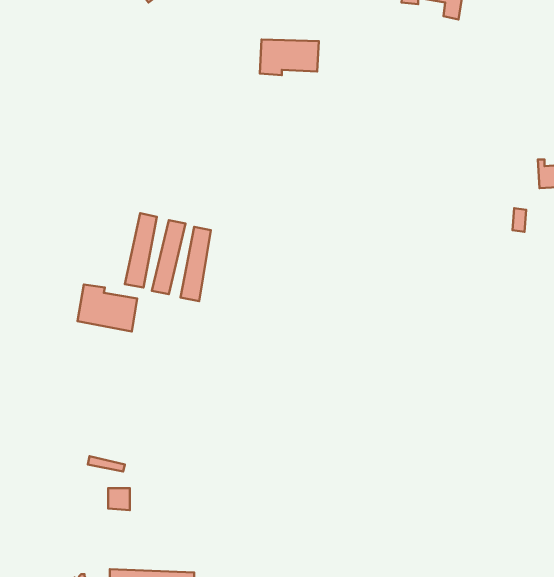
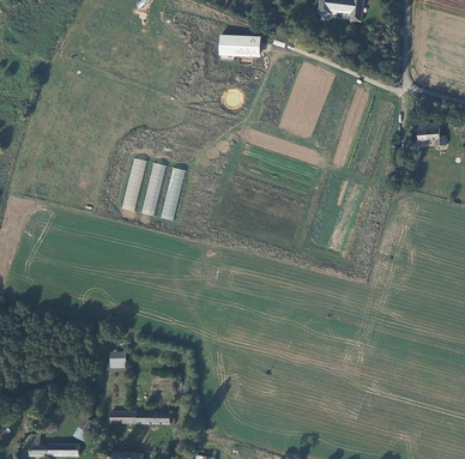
building: [78,285,137,331] -> none

